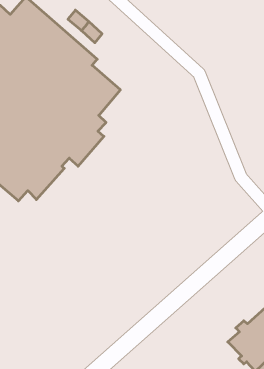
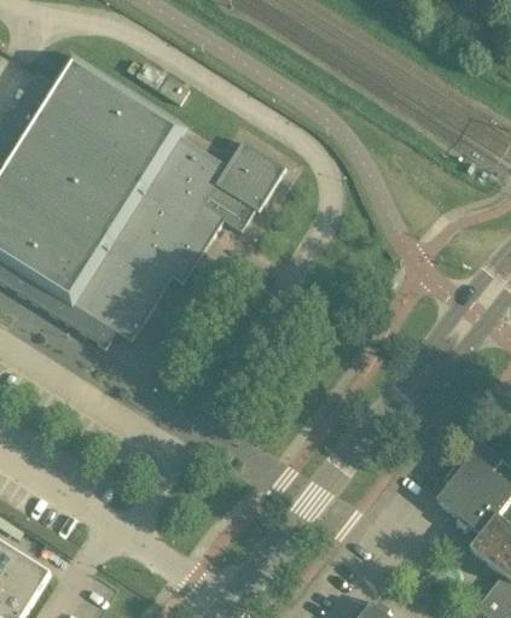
building: none -> [201,144,285,234]

